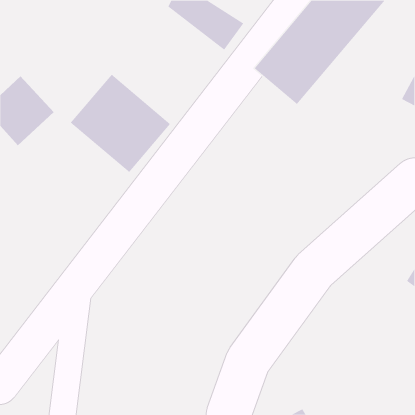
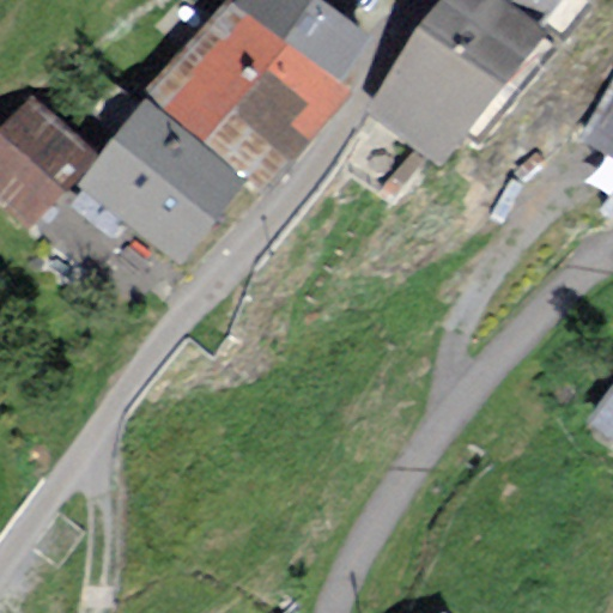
building: none -> [158,7,332,180]

